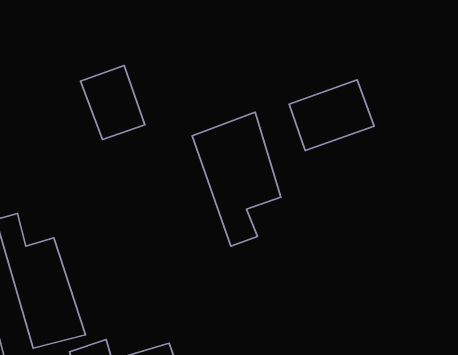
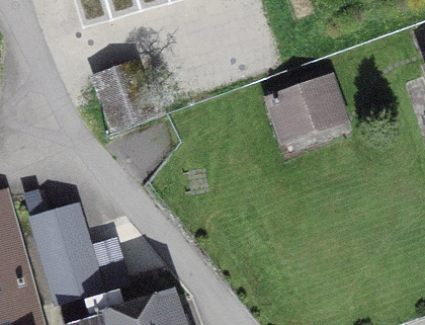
building: [192,112,281,246] -> none

